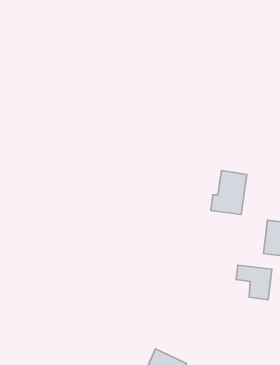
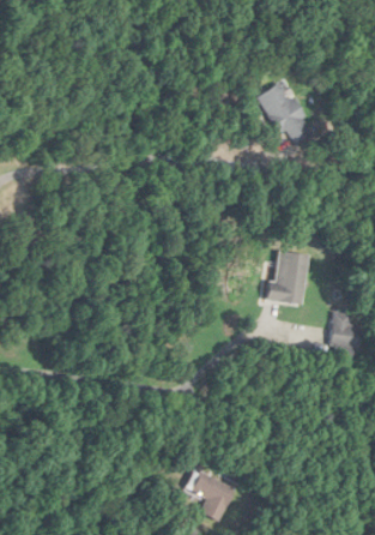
building: none -> [255,80,314,144]
building: [236,265,272,300] -> none

